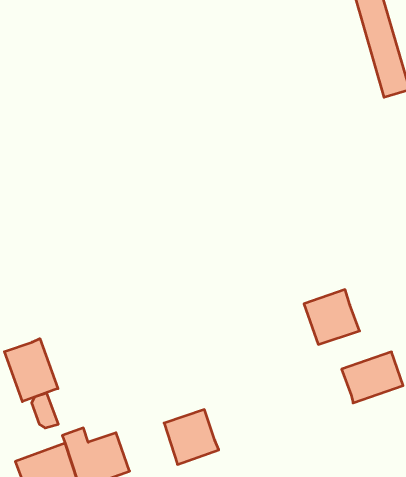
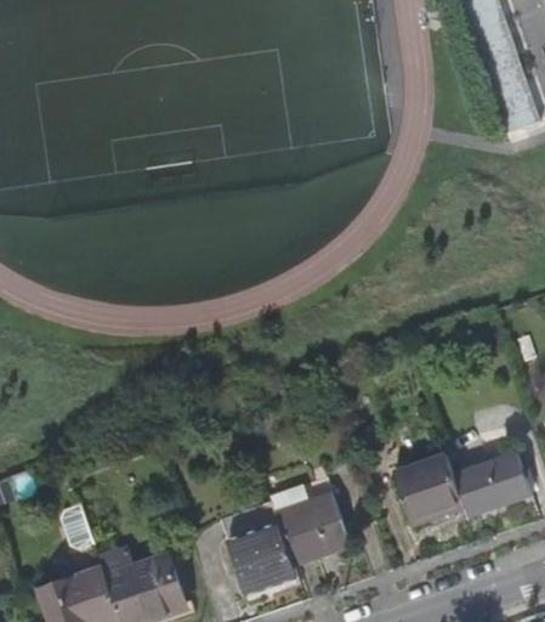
building: [304,290,360,344] -> [394,454,465,524]
building: [4,339,58,402] -> none
building: none -> [276,494,350,564]

